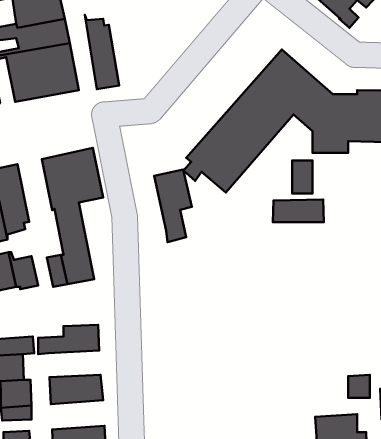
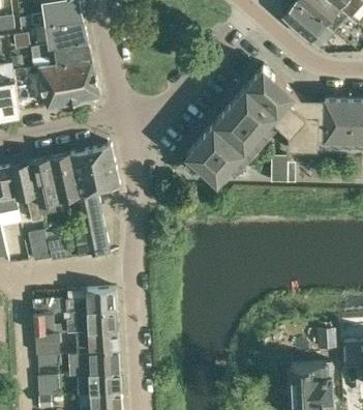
building: [85,15,119,89] -> none
building: none -> [50,155,78,206]
building: [154,170,192,242] -> none
building: [273,199,324,222] -> none
building: none -> [67,311,117,333]
building: none -> [69,351,120,375]

